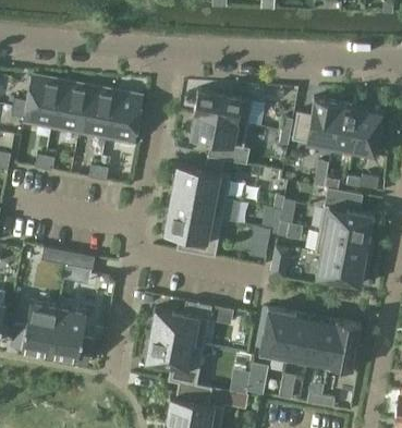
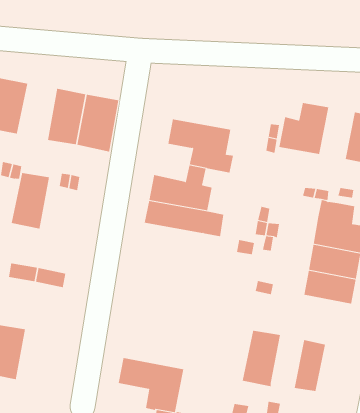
building: [51,82,87,134] -> [11,173,50,229]
building: [194,90,253,124] -> none
building: [330,103,362,151] -> none
building: [163,210,222,258] -> none
building: [148,302,212,345] -> none
building: [50,308,93,363] -> none
building: [285,314,315,363] -> none
building: [327,322,362,374] -> none

